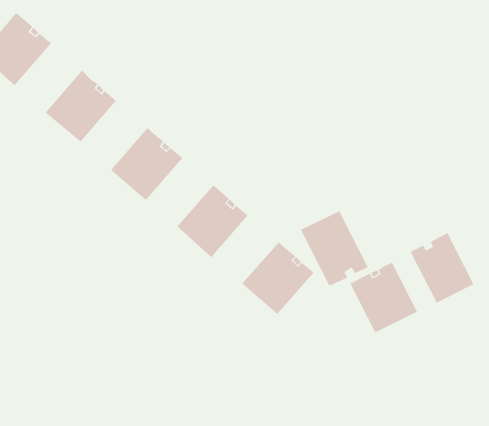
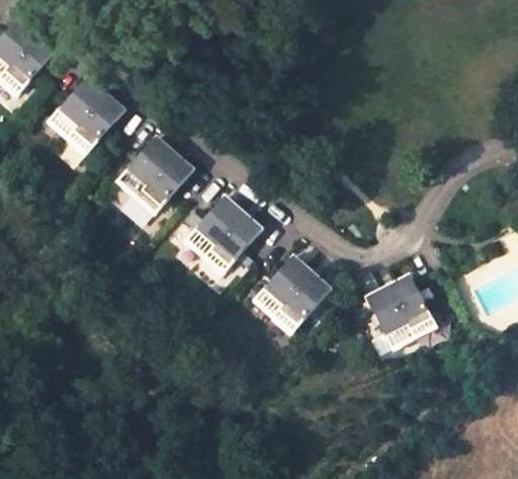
building: [300,210,368,287] -> none
building: [410,232,474,304] -> none

